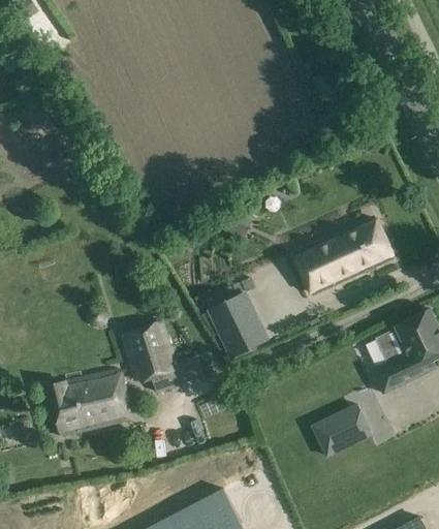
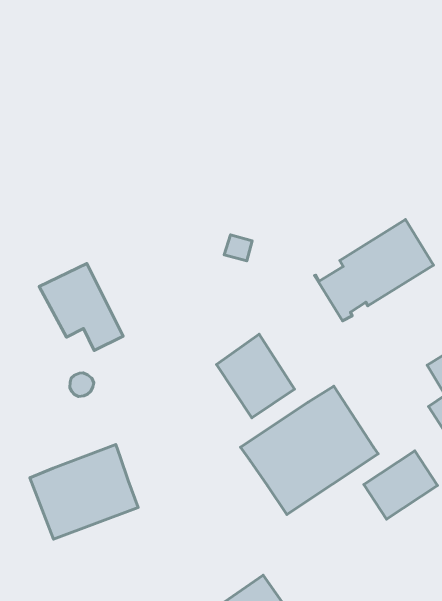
building: [120,321,182,392] -> [39,264,123,350]
building: none -> [241,386,378,514]

